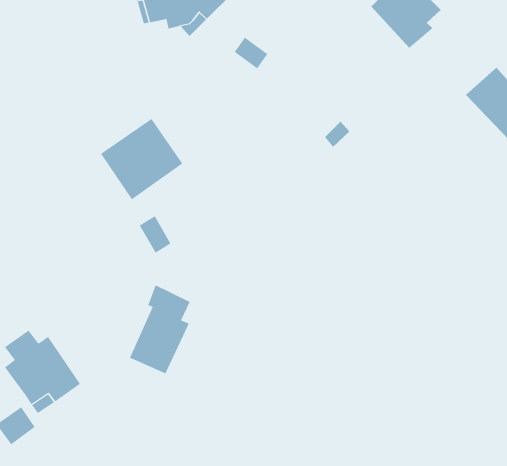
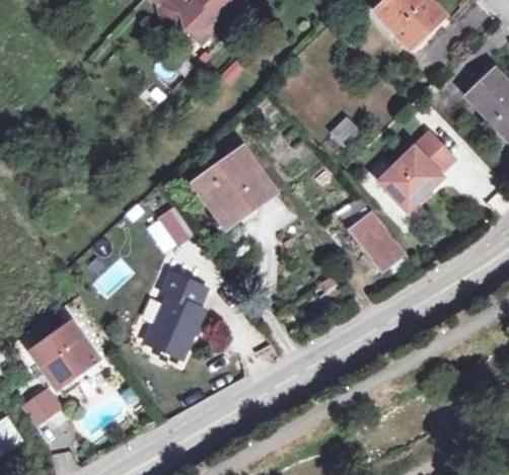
building: [100,118,183,200] -> [195,148,273,225]
building: none -> [378,133,453,211]
building: none -> [350,212,403,268]

